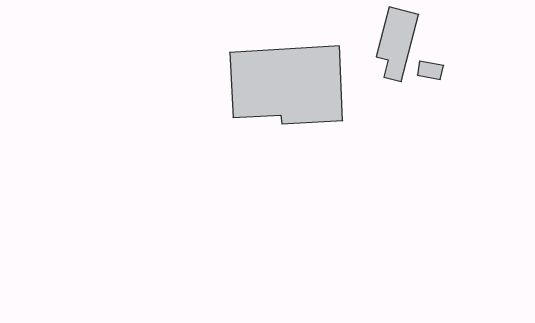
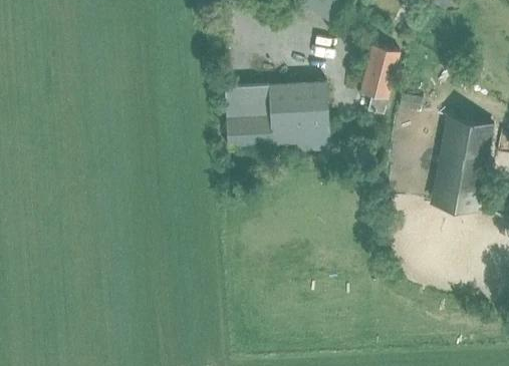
building: none -> [432,115,492,211]

